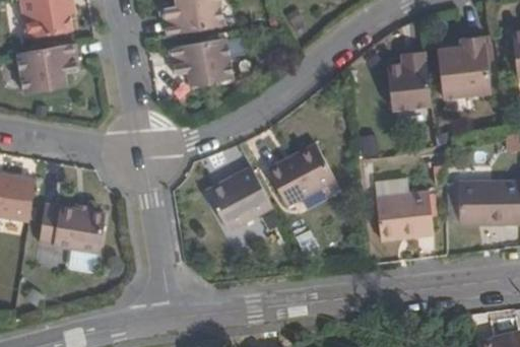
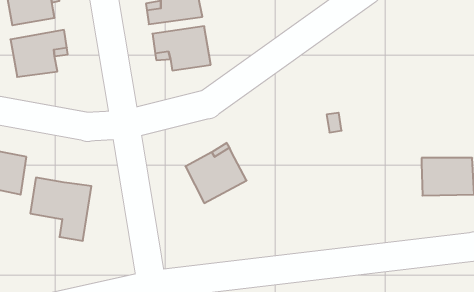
building: [438,36,491,94] -> none
building: [388,49,432,109] -> none
building: [267,145,335,208] -> none
building: [376,194,438,236] -> none

